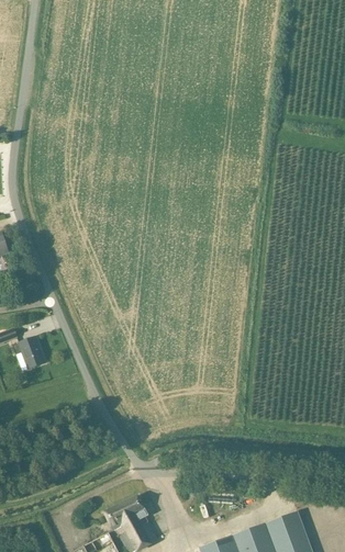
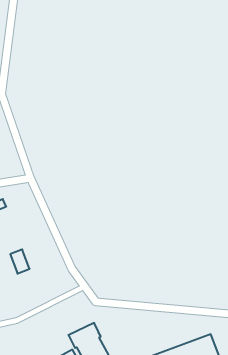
building: [19,337,45,370] -> [10,249,30,274]

